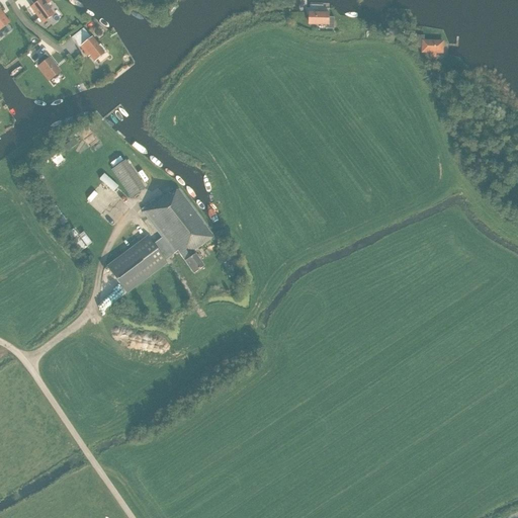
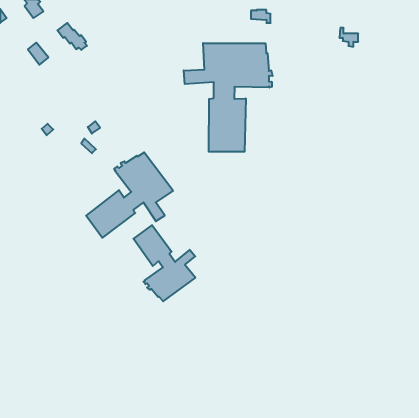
building: none -> [184,43,273,152]
building: [110,159,145,197] -> none
building: none -> [133,225,195,301]

